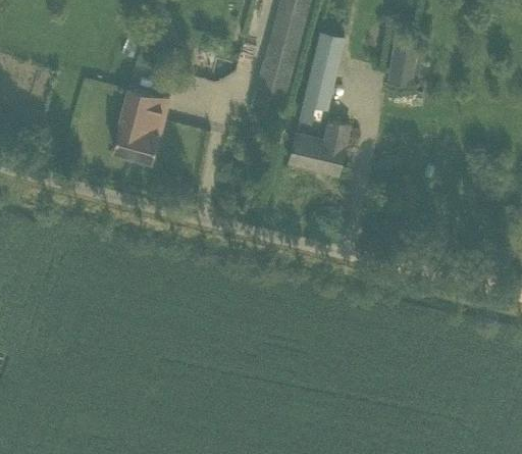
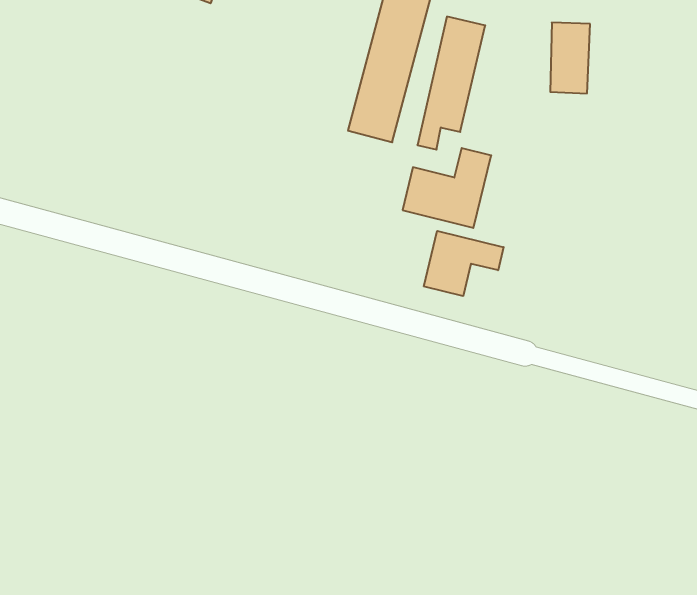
building: [112,91,166,161] -> none
building: none -> [424,231,504,296]

